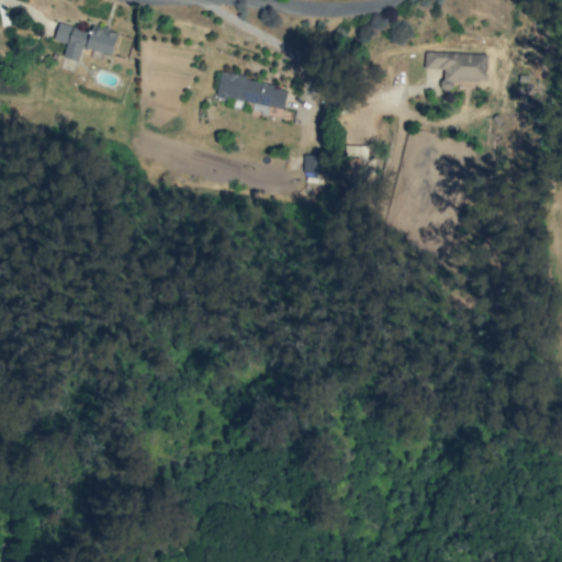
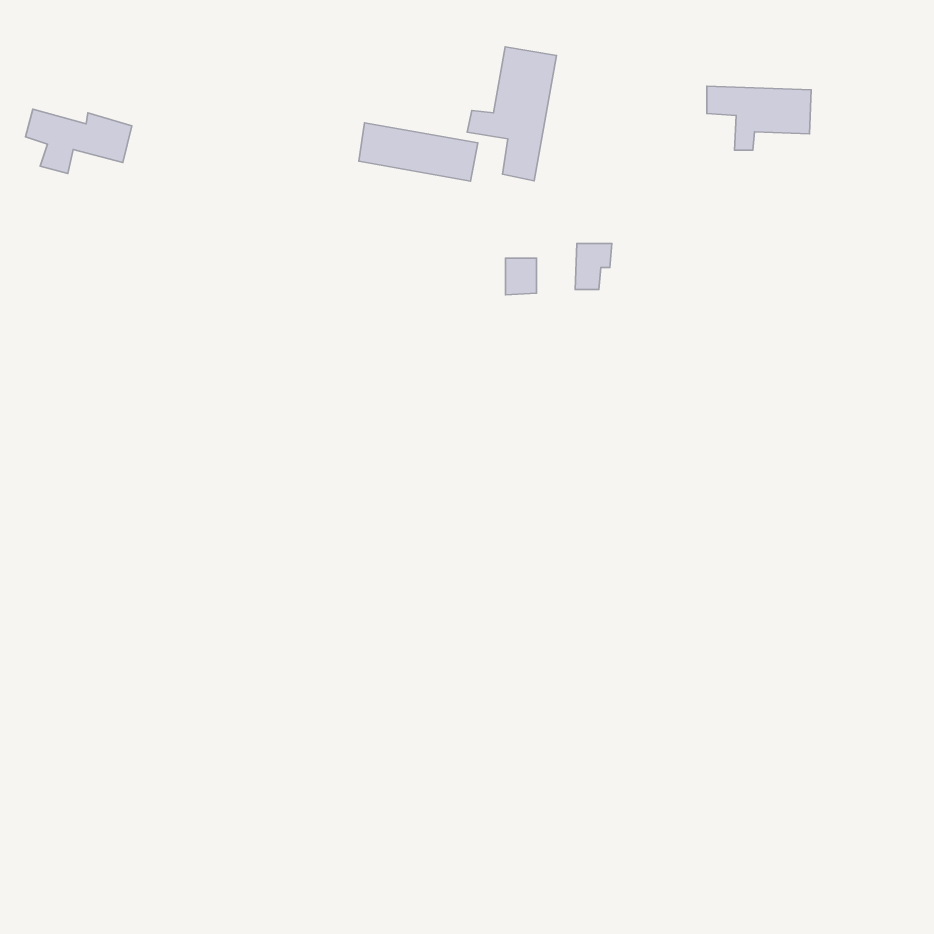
building: [54,24,117,63] -> [26,109,132,173]
building: none -> [467,47,556,181]

